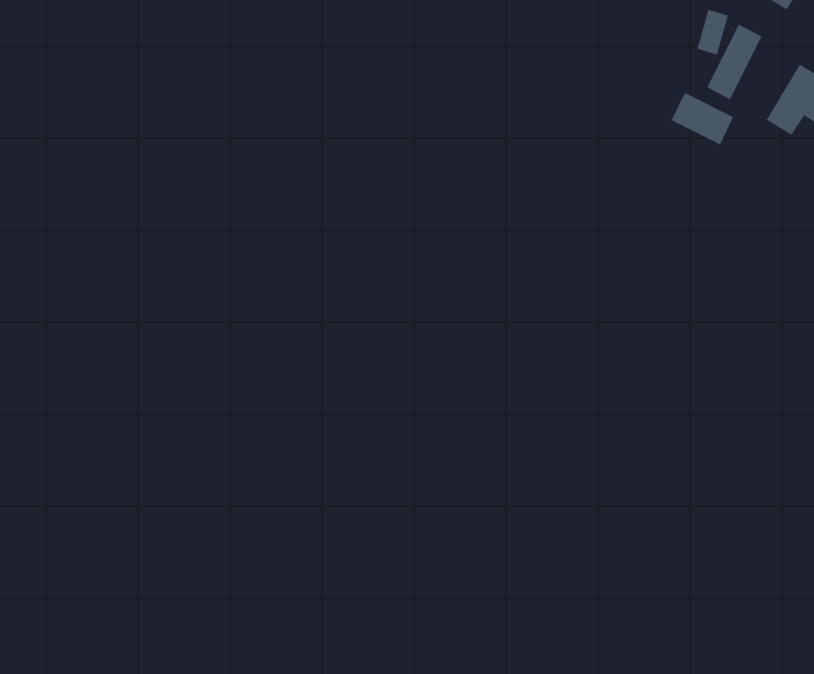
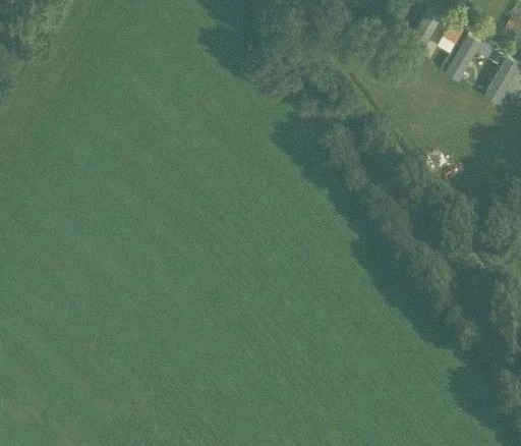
building: [671,92,734,146] -> none

